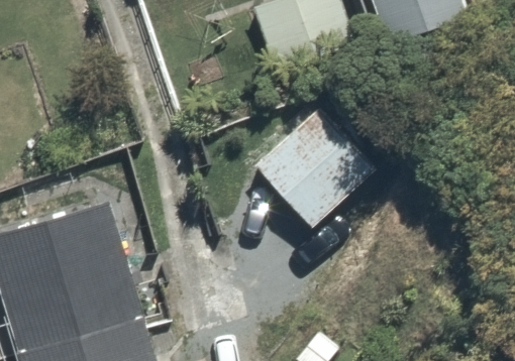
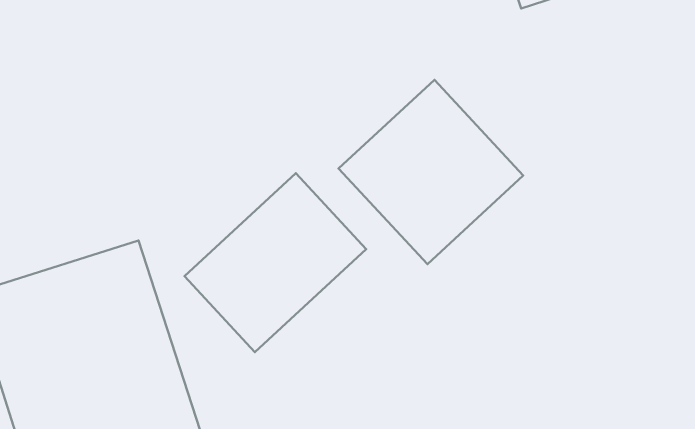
building: none -> [184,173,366,352]

